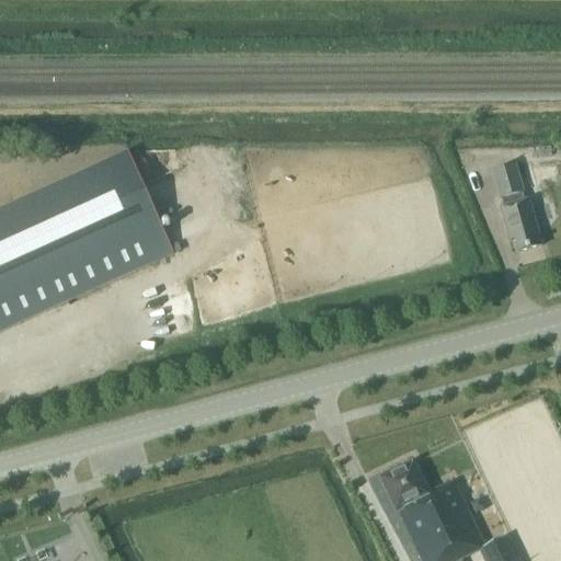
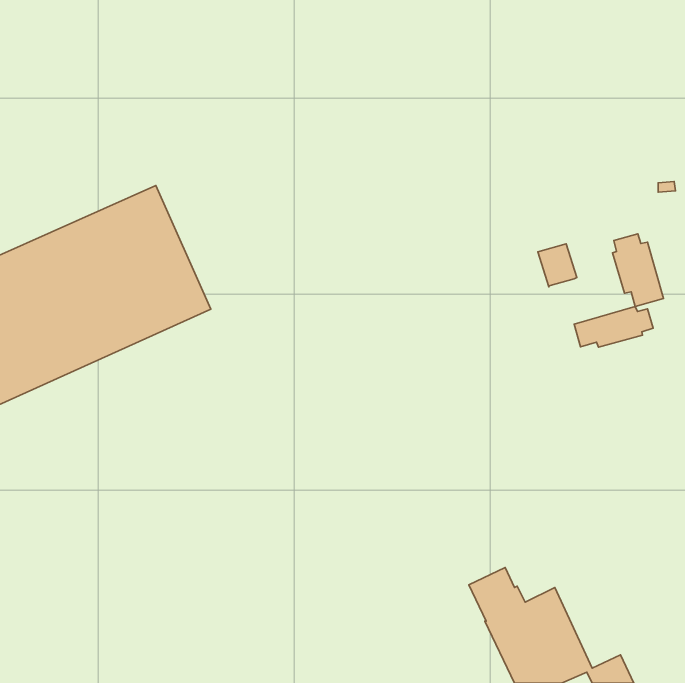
building: [491,162,523,197] -> [538,244,577,287]
building: none -> [574,307,653,347]

